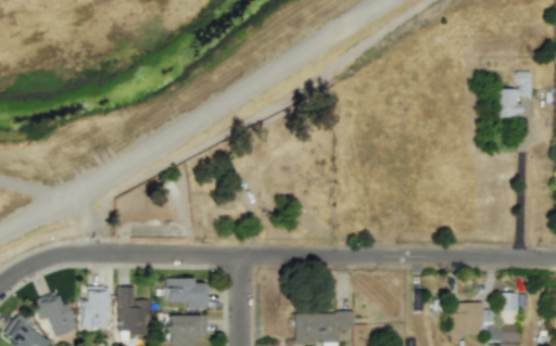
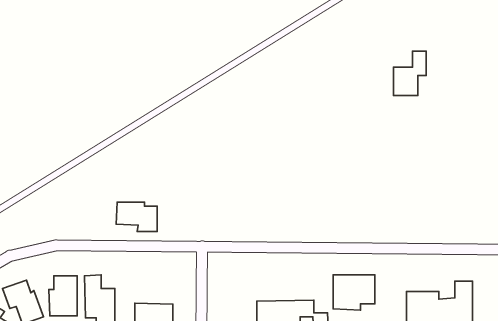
building: [497,72,531,117] -> [394,51,426,96]
building: [165,279,207,309] -> [116,202,157,232]
building: none -> [333,275,375,310]

